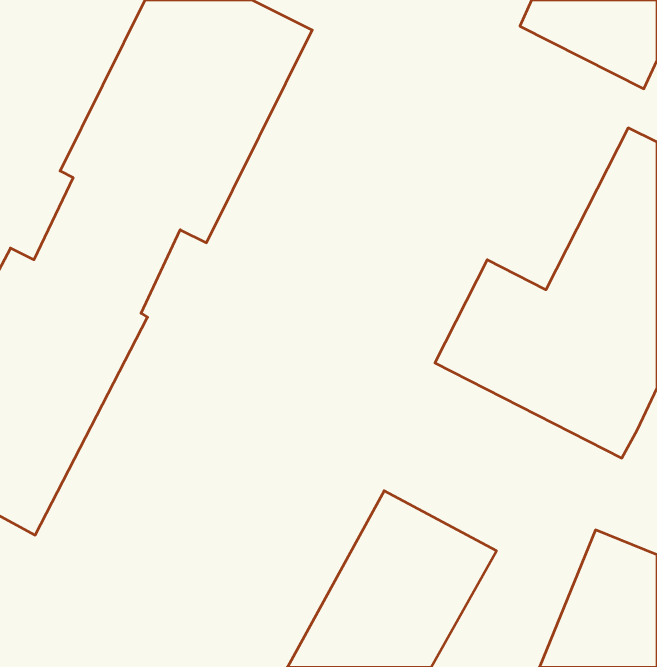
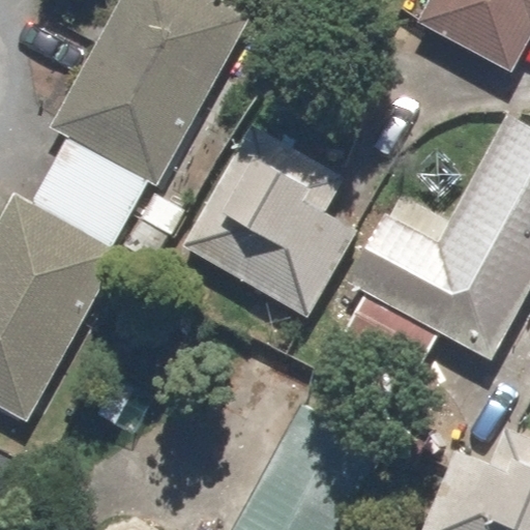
building: none -> [190,130,378,313]

